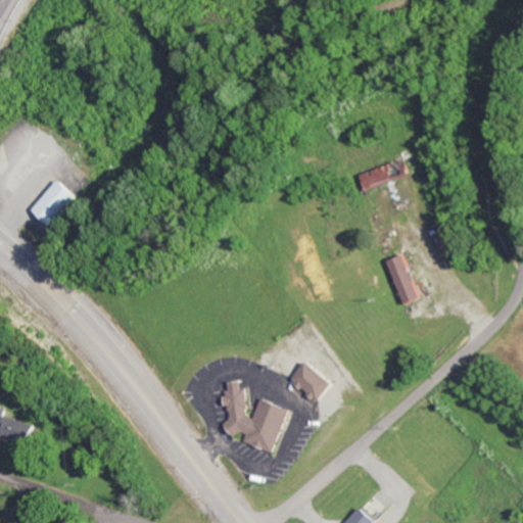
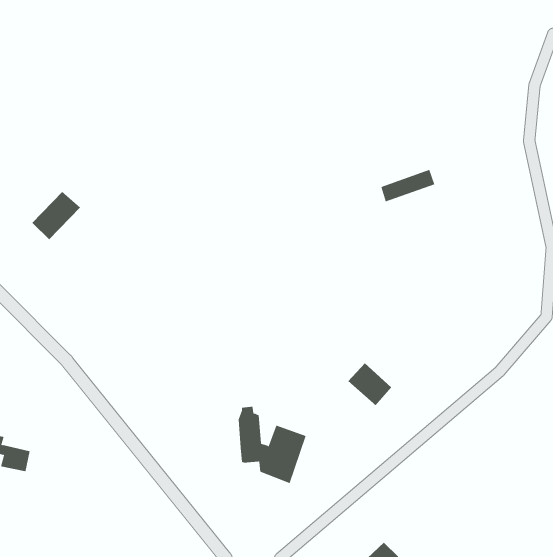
building: [385,255,417,304] -> none
building: [291,362,333,402] -> [347,363,392,406]

